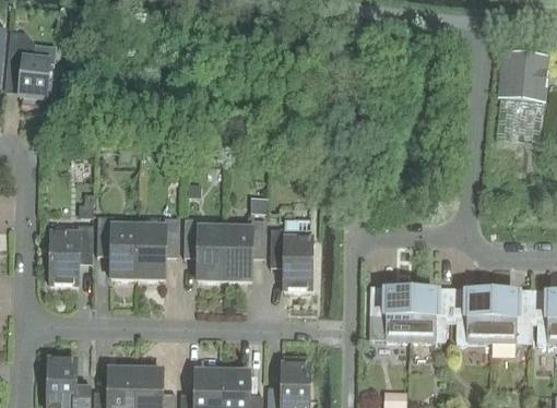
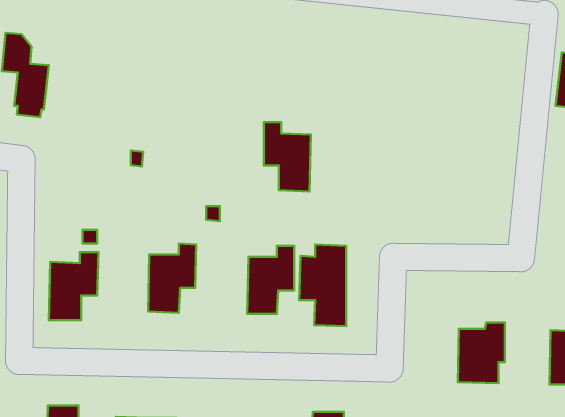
building: [96,216,138,277] -> none
building: [183,218,225,279] -> [264,122,311,192]
building: [369,286,411,339] -> none
building: [451,287,491,344] -> none

